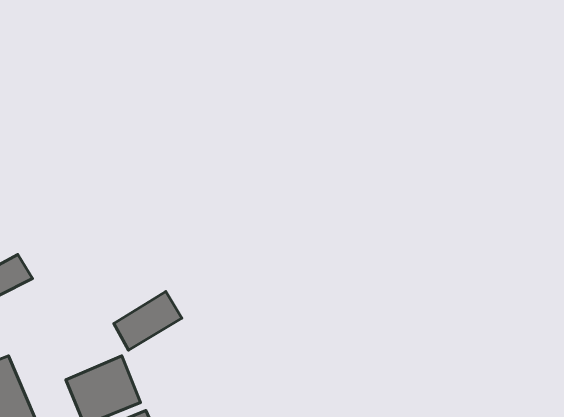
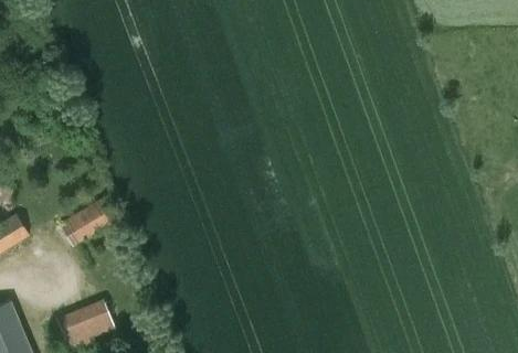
building: [114,291,182,350] -> [60,197,116,246]

